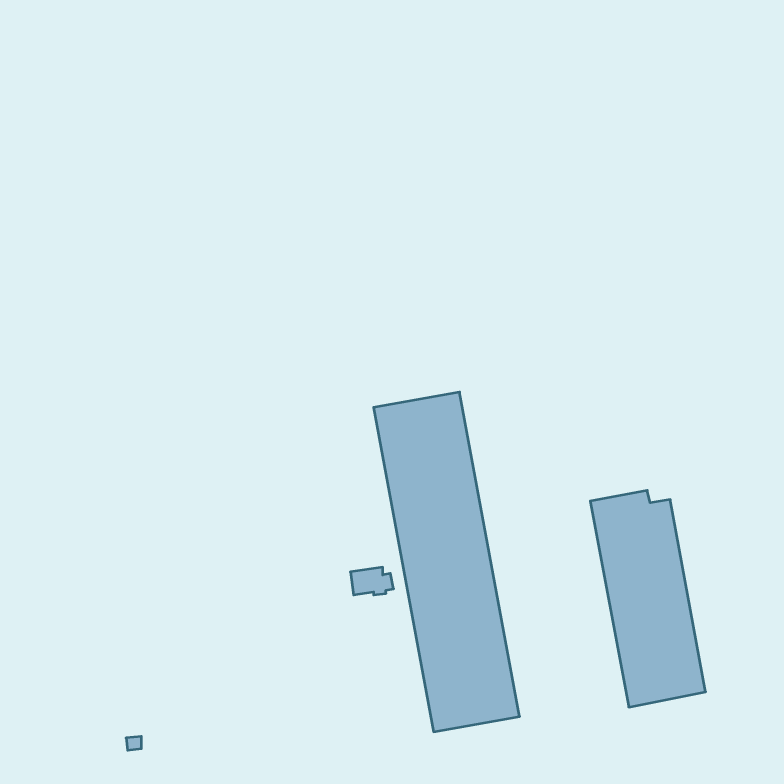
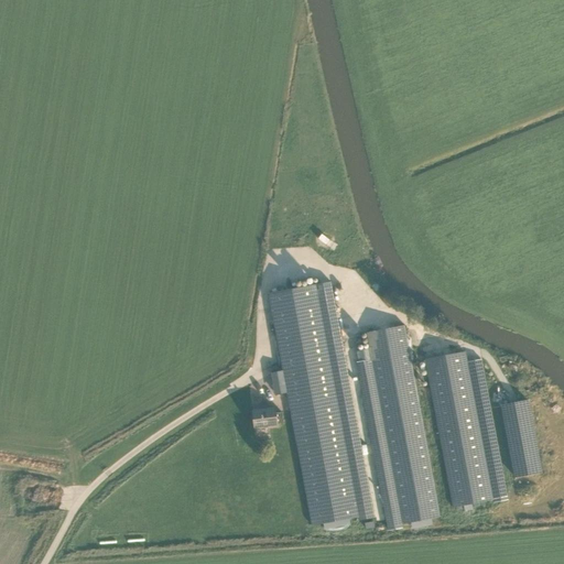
building: none -> [356,324,440,525]
building: none -> [500,400,540,473]

